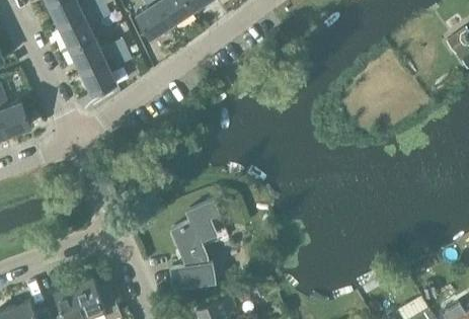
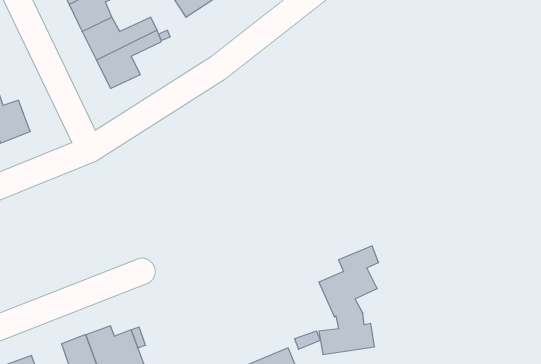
building: [170,204,217,289] -> [319,246,379,355]

